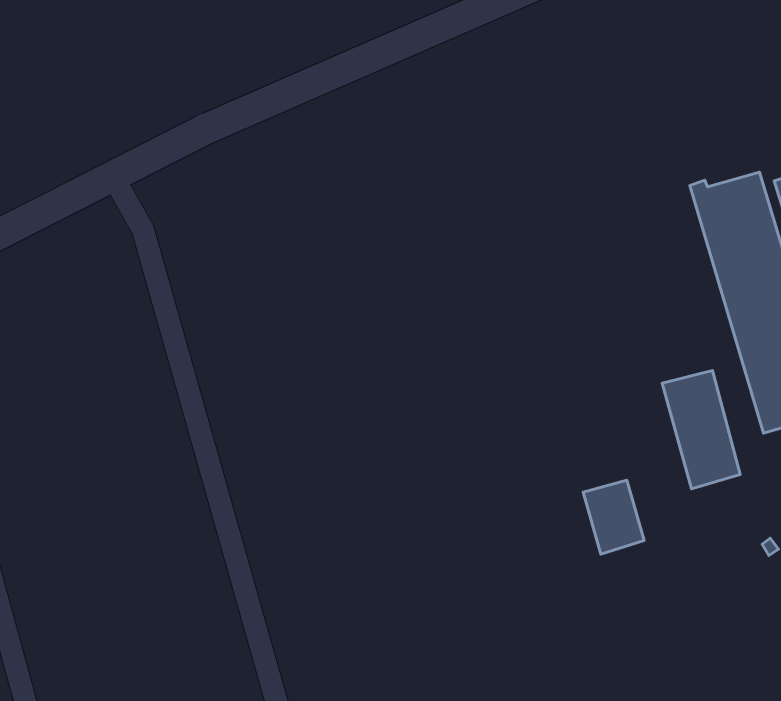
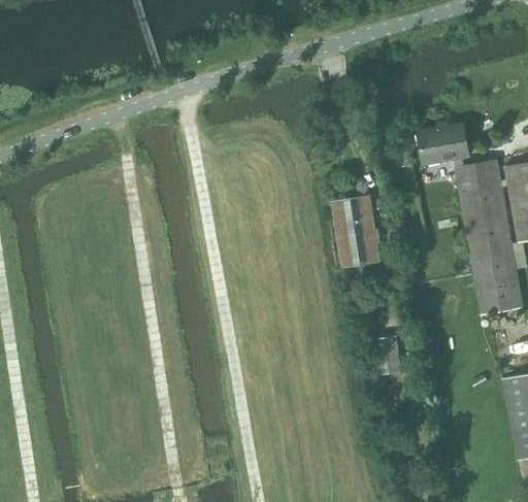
building: none -> [417,122,469,165]
building: [662,370,740,489] -> [336,198,376,267]

